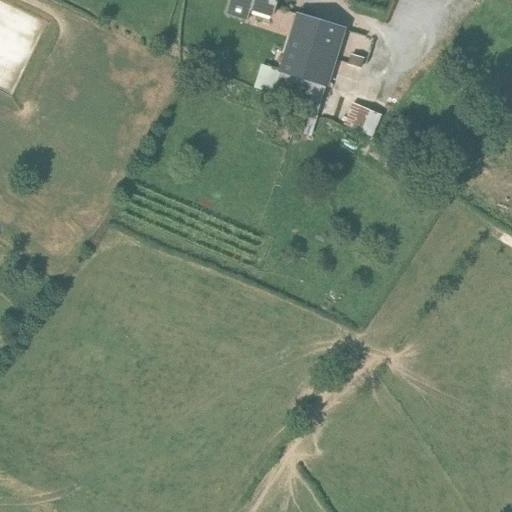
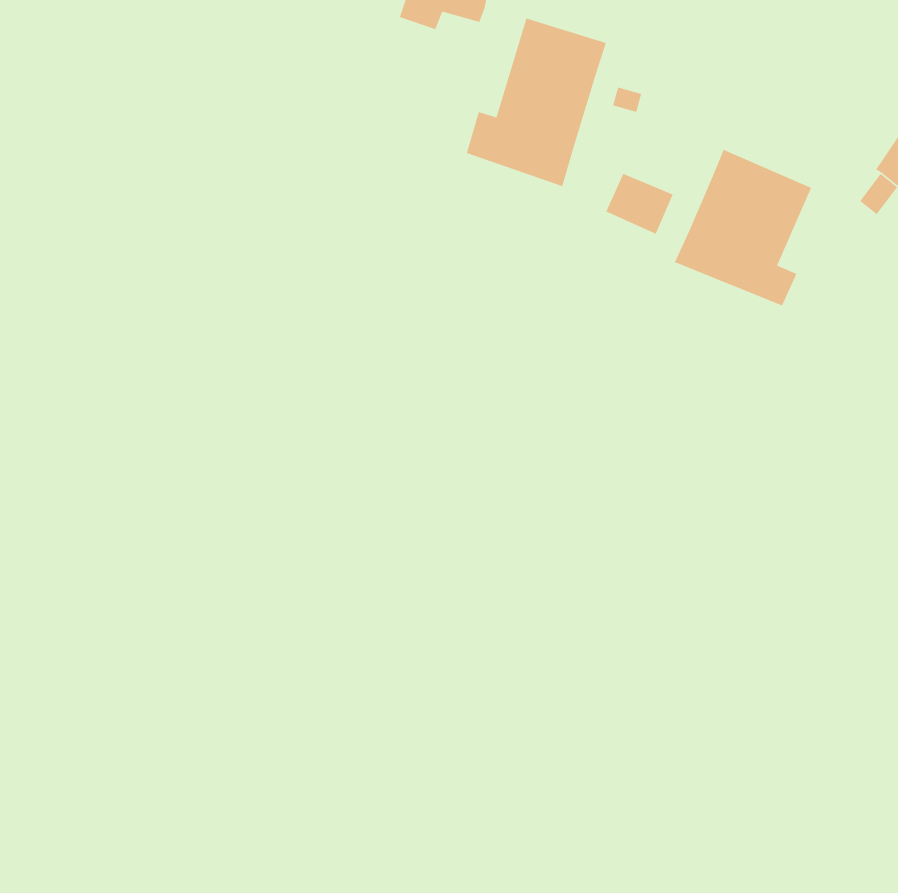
building: none -> [674,149,812,306]

